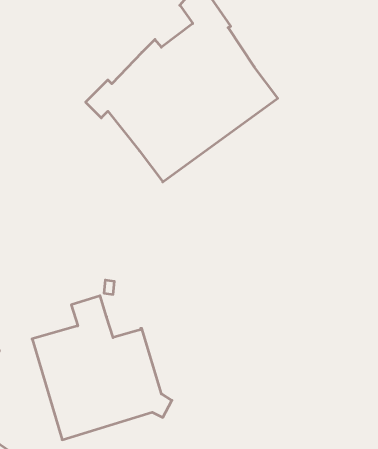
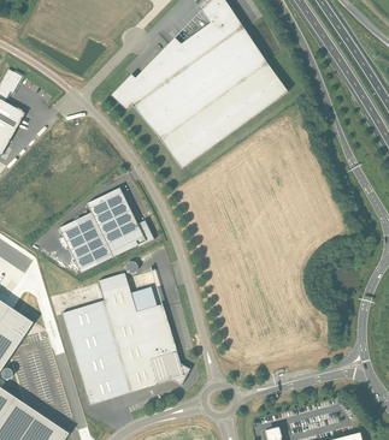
building: none -> [59,188,154,273]

